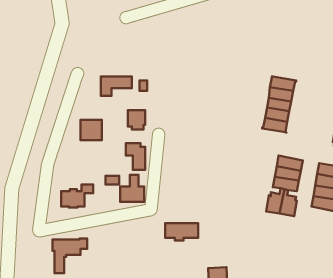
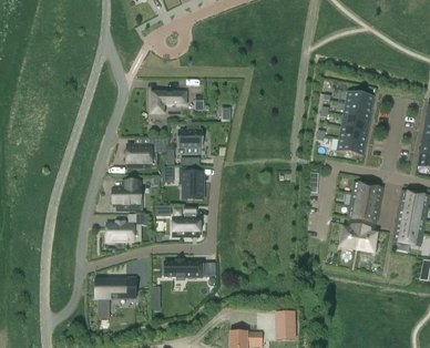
building: none -> [113,181,139,205]
building: [165,223,198,241] -> [160,260,197,280]

